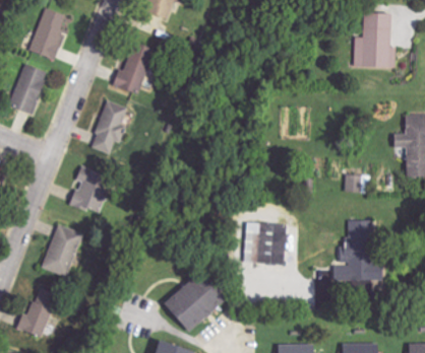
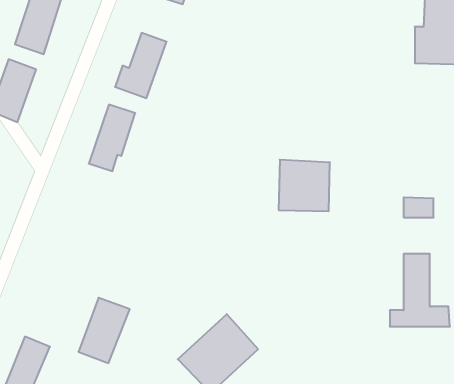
building: [70,164,110,213] -> none
building: [245,222,287,264] -> [279,160,330,211]
building: [42,224,83,277] -> [78,298,130,363]

